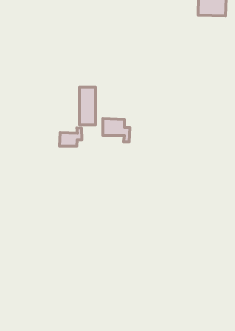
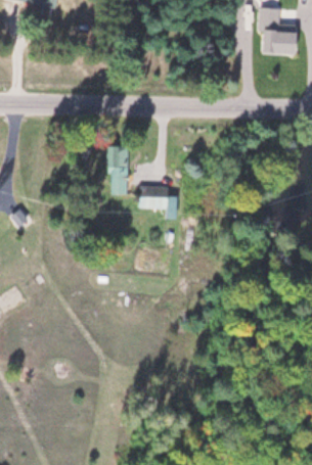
building: [60,128,82,146] -> none

